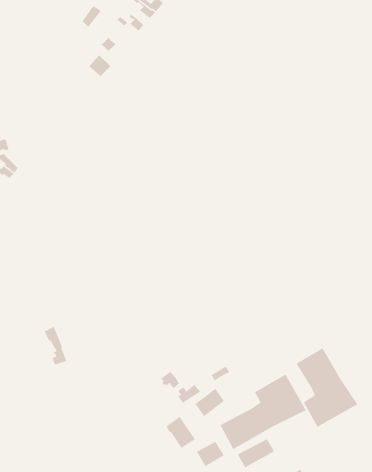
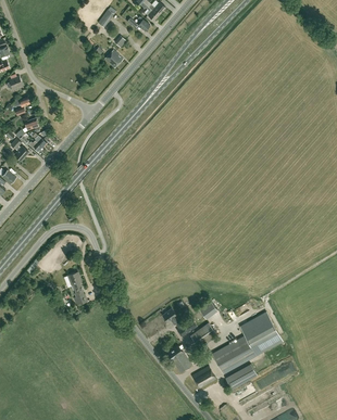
building: [296,347,358,428] -> none

